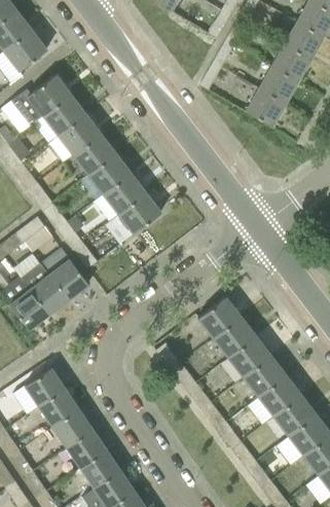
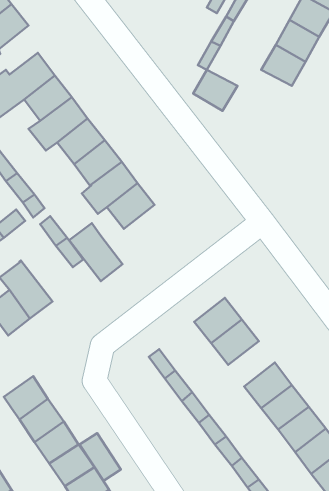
building: [246,89,286,126] -> [193,70,237,111]
building: [40,247,88,299] -> [69,223,122,281]
building: [228,335,270,376] -> none
building: none -> [80,433,121,481]

